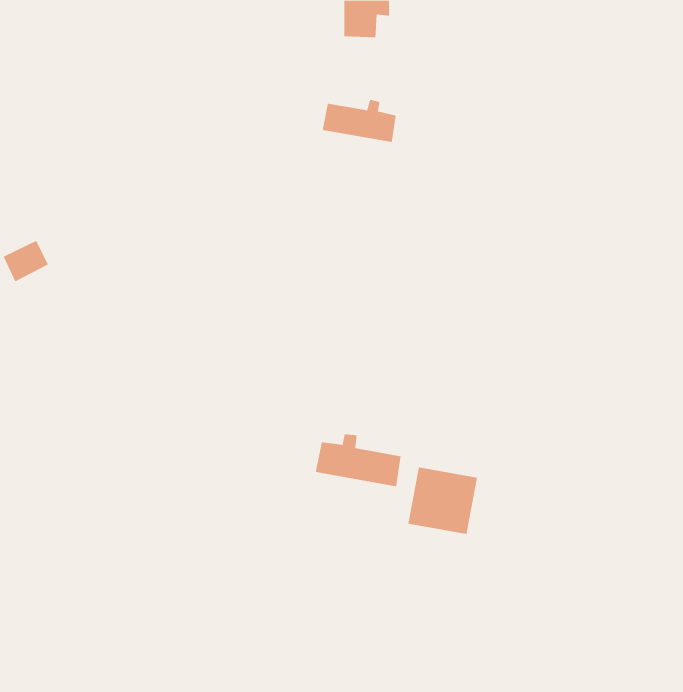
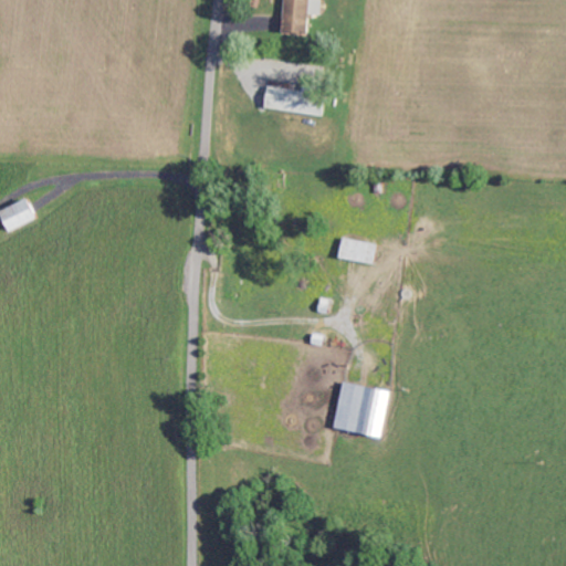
building: none -> [336,239,373,262]
building: [315,433,401,487] -> none

